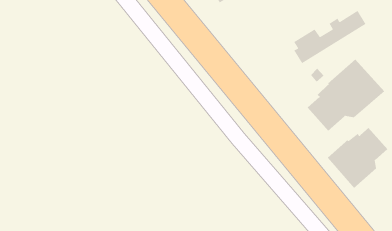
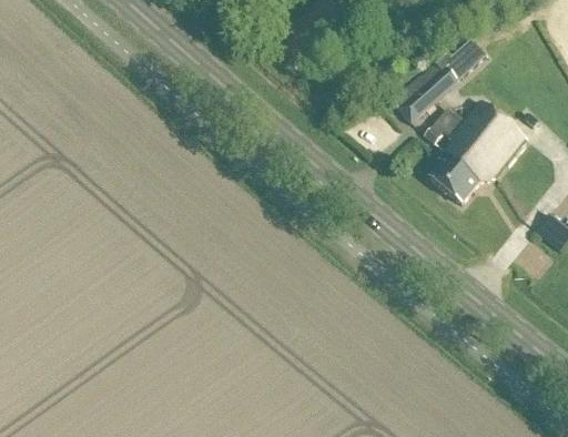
building: [327,127,388,189] -> none

